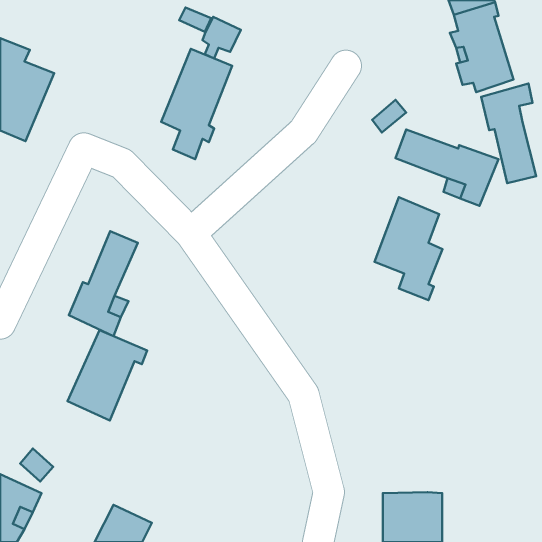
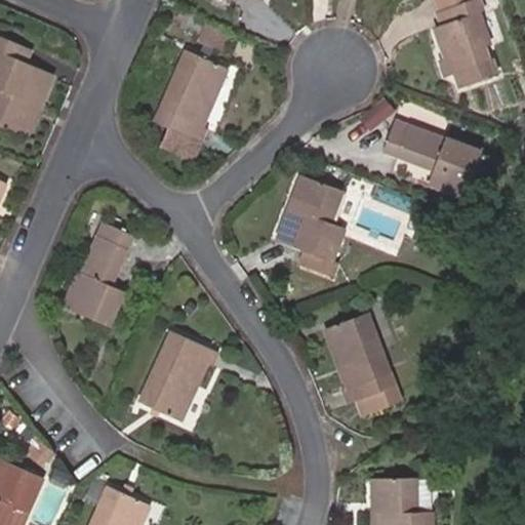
building: [481,83,536,183] -> none
building: [375,197,442,300] -> [275,176,340,276]
building: none -> [323,314,396,411]
building: [68,330,147,420] -> [139,331,216,418]

